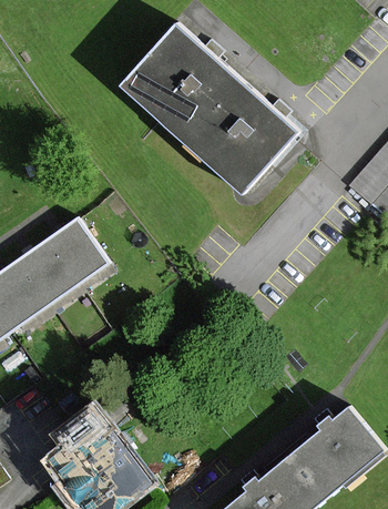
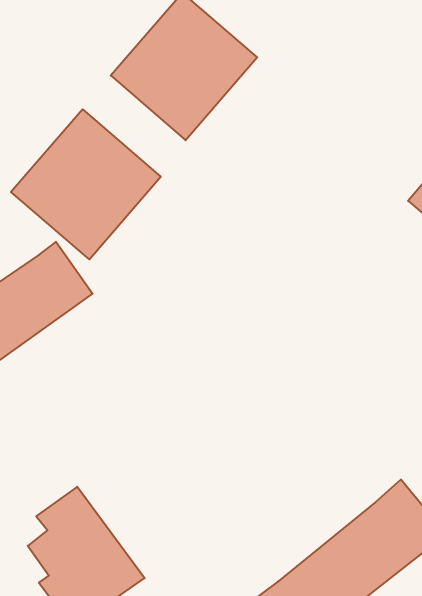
building: [178,74,294,191] -> none
building: none -> [11,109,161,259]

